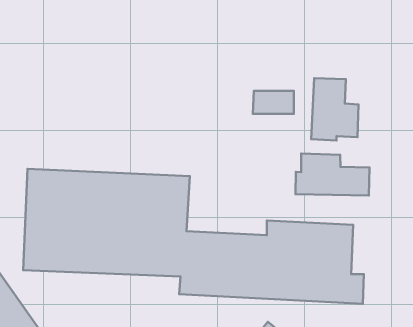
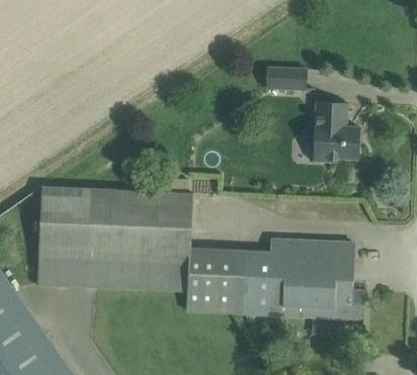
building: [253,91,294,114] -> [265,68,305,90]
building: [296,153,370,196] -> none

